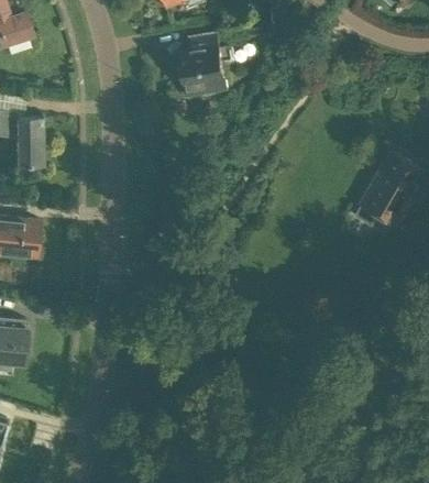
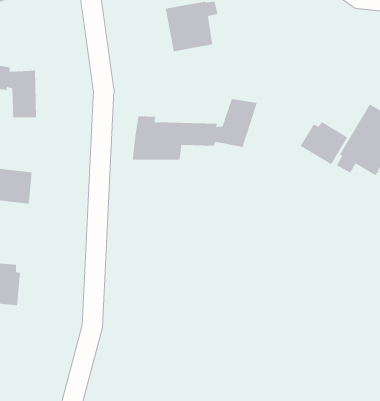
building: none -> [132,98,258,161]
building: none -> [300,121,348,165]

